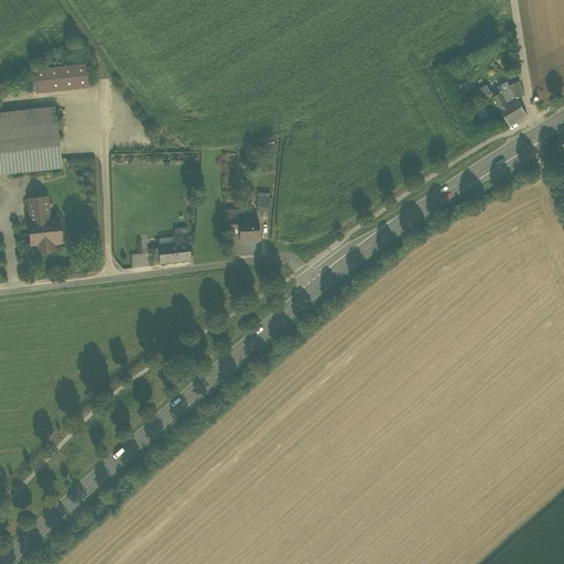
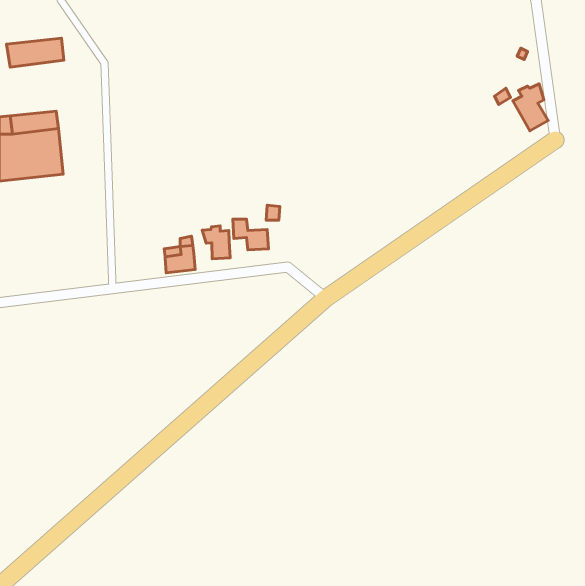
building: [32,65,87,93] -> [7,38,64,67]
building: [28,197,59,252] -> none
building: none -> [202,226,230,259]

